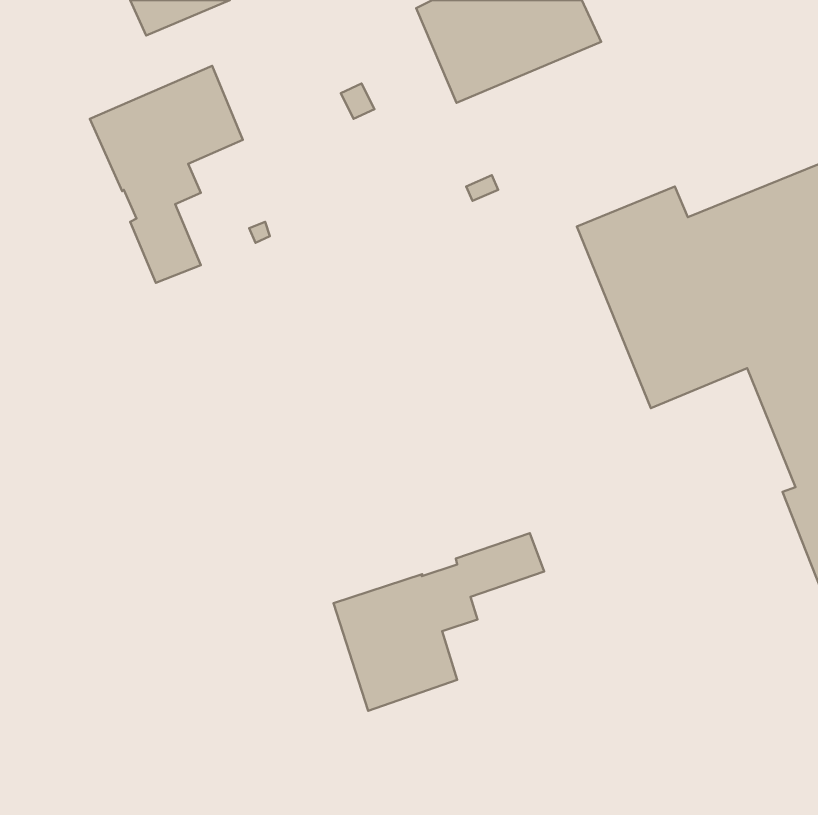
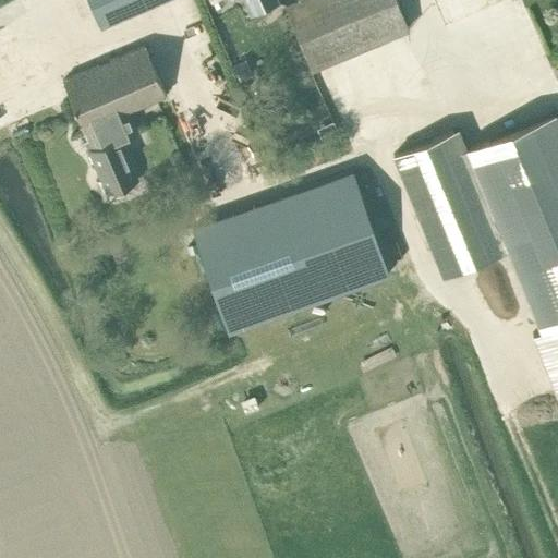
building: none -> [194,175,389,335]
building: [333,533,544,711] -> none

